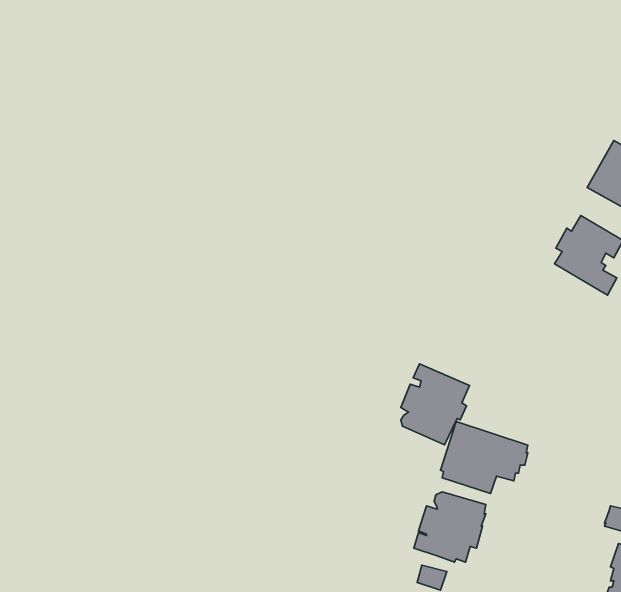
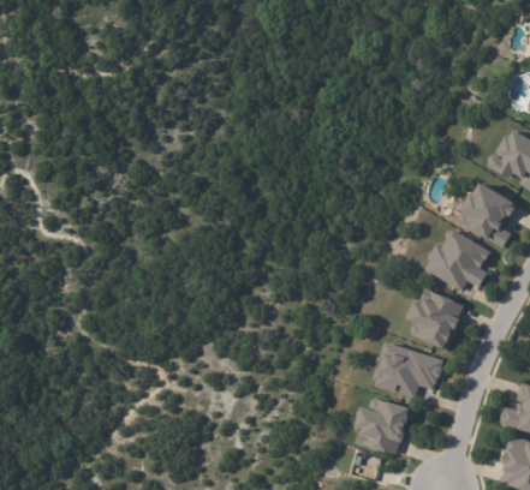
building: none -> [427,229,488,289]
building: [401,364,470,445] -> [412,288,465,351]

